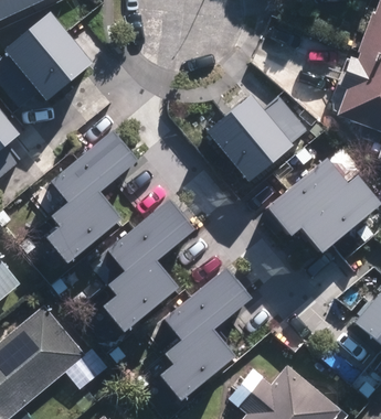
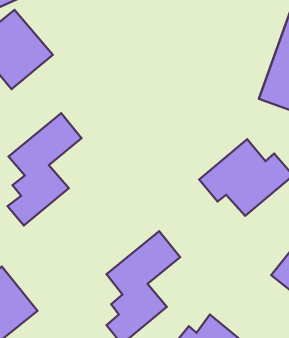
building: [209,84,307,180] -> none
building: [104,202,190,331] -> none

